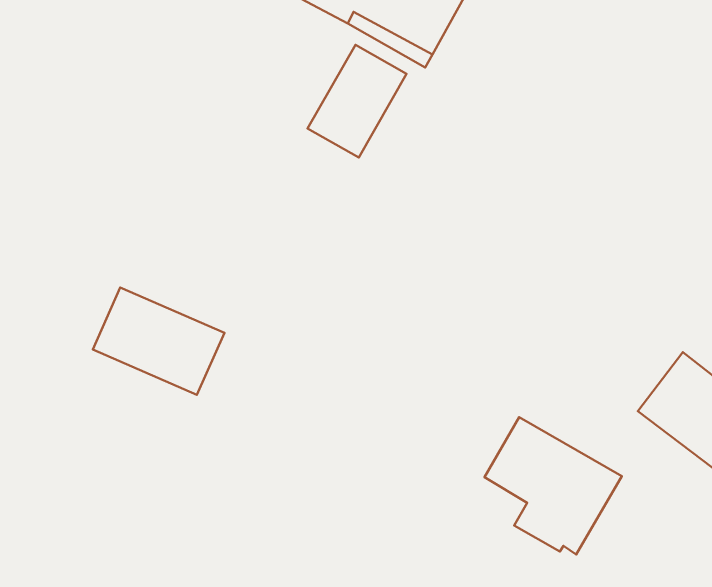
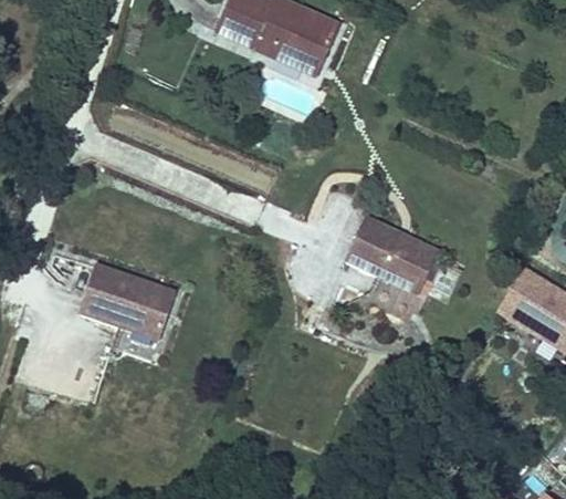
building: [307,45,407,158] -> none
building: [484,417,622,555] -> [345,216,446,312]

